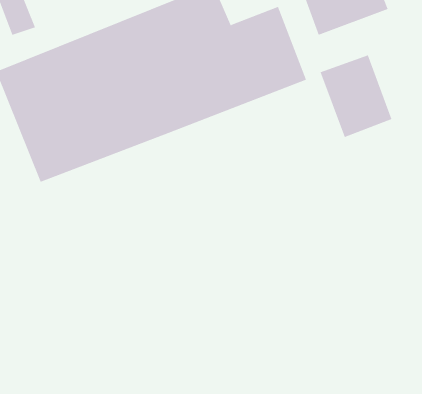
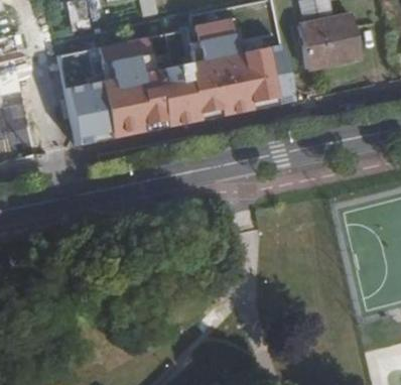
building: [320,55,392,138] -> none

